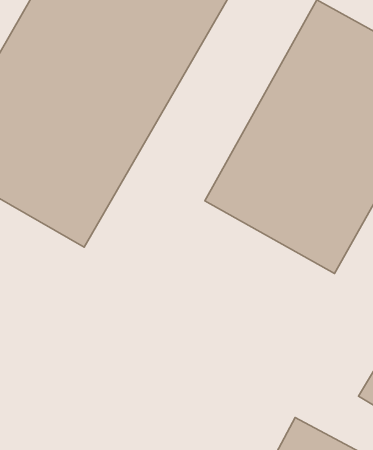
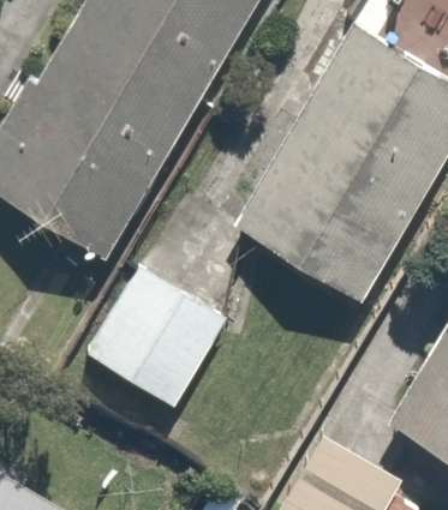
building: none -> [96,263,233,404]

